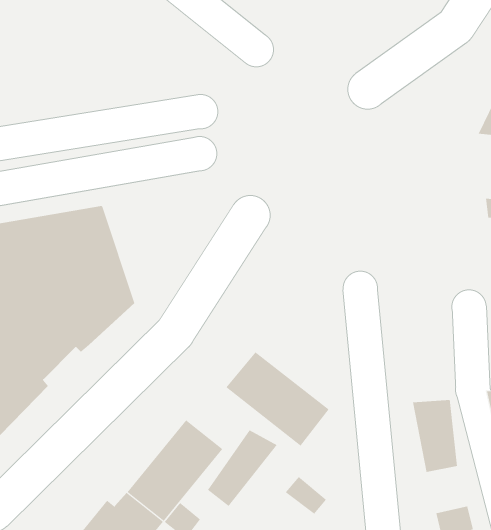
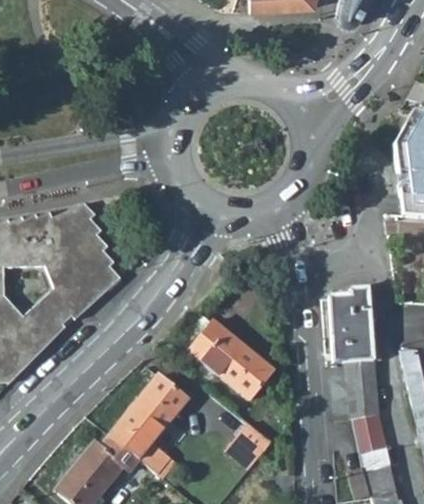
building: none -> [329,285,381,362]
building: [207,429,277,507] -> none
building: none -> [352,414,386,452]

